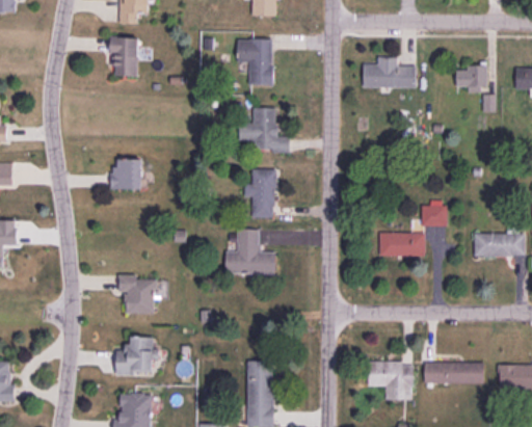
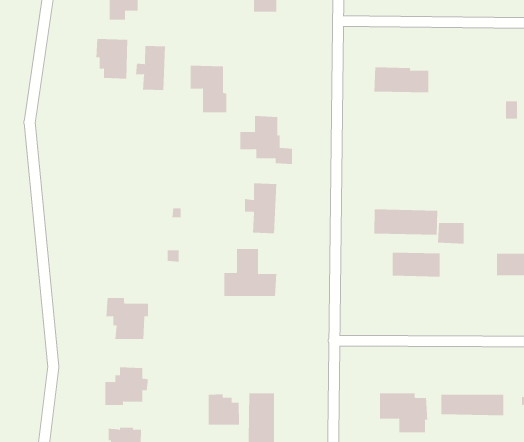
building: [238,39,272,83] -> [190,65,227,113]
building: none -> [135,45,165,91]
building: [456,65,486,91] -> none
building: [110,159,141,189] -> none
building: none -> [374,209,438,236]
building: none -> [208,394,239,426]

